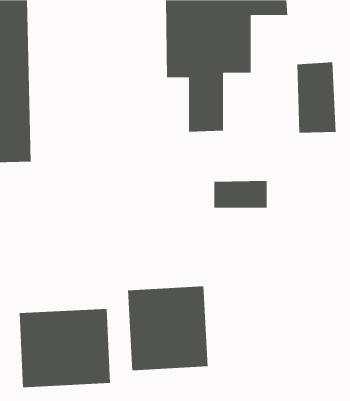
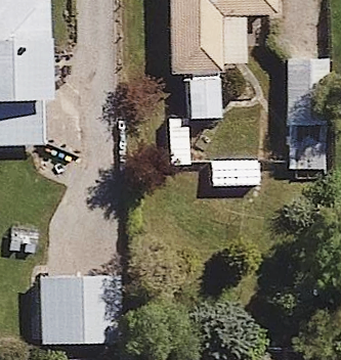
building: [127,286,208,371] -> none

